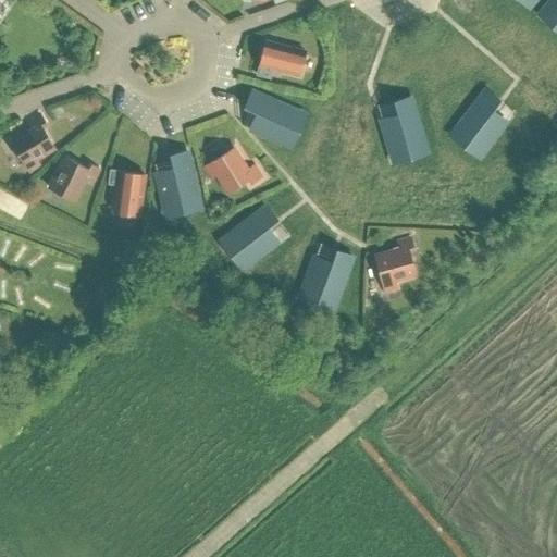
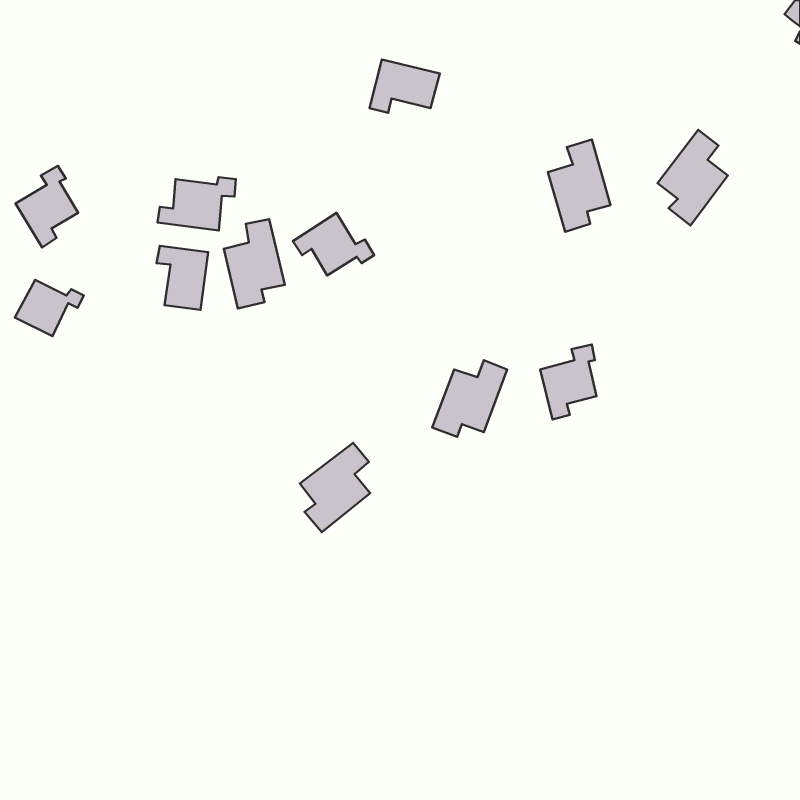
building: [245,91,297,147] -> none
building: none -> [158,177,236,231]
building: [50,158,98,197] -> [15,280,84,336]
building: [228,207,277,269] -> [300,443,370,532]

